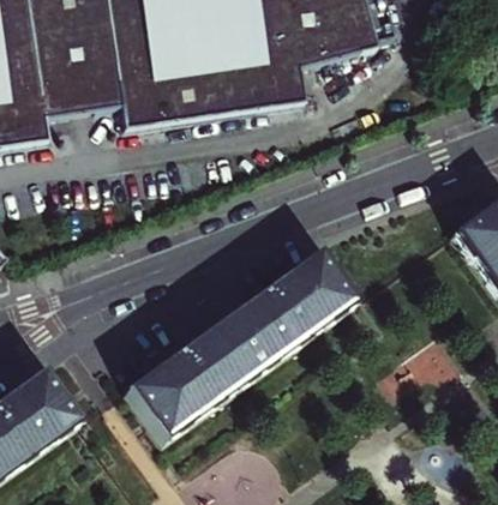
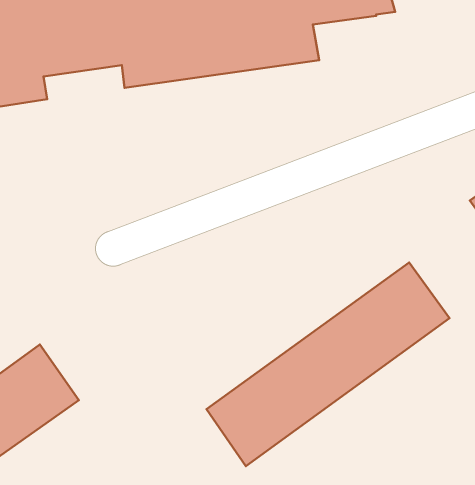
building: [131,246,361,439] -> [207,263,450,466]

